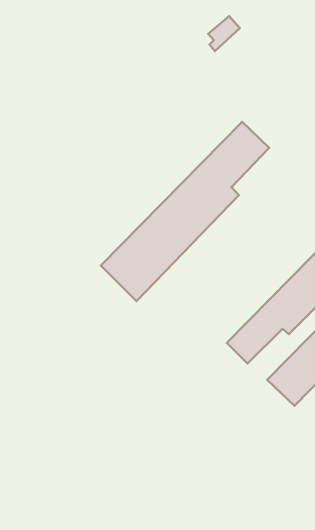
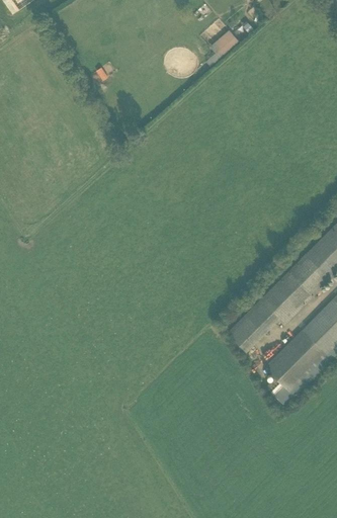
building: [101,122,269,301] -> none

